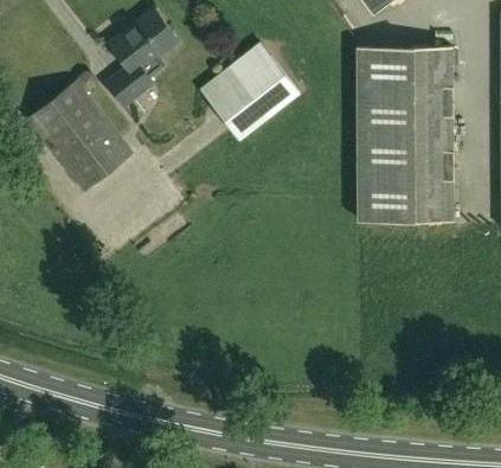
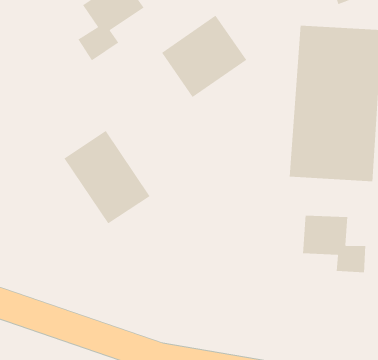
building: [30,82,131,188] -> [63,130,150,224]
building: none -> [302,215,366,273]

